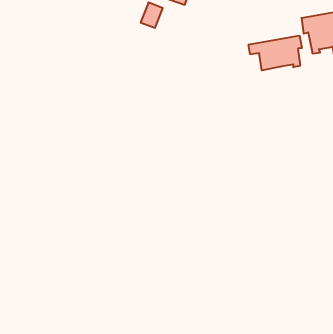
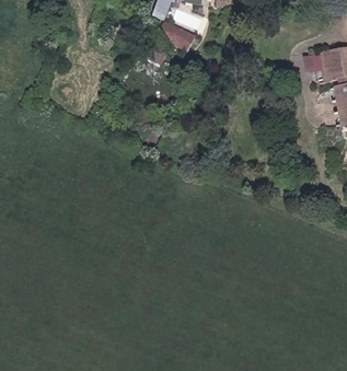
building: [249,36,302,70] -> none

